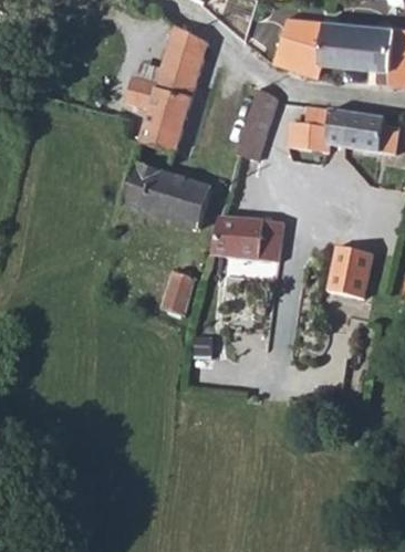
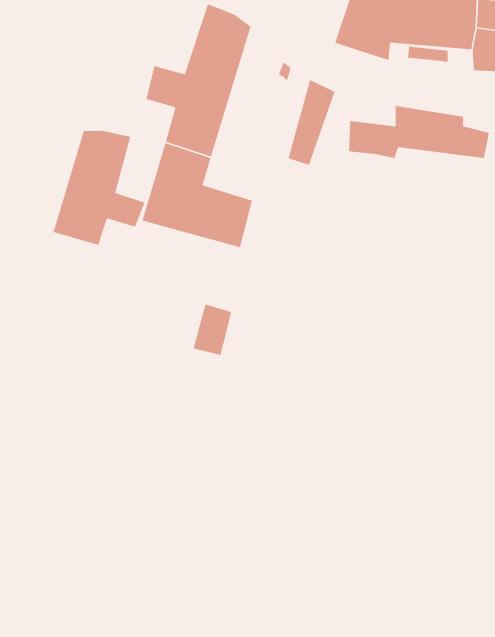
building: none -> [52,130,145,246]
building: [210,212,284,263] -> none
building: [328,246,373,298] -> none

